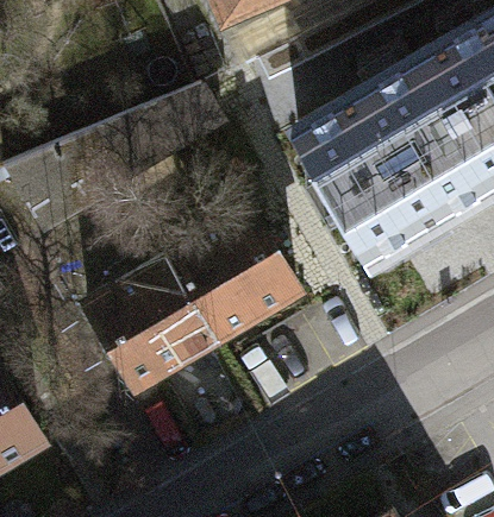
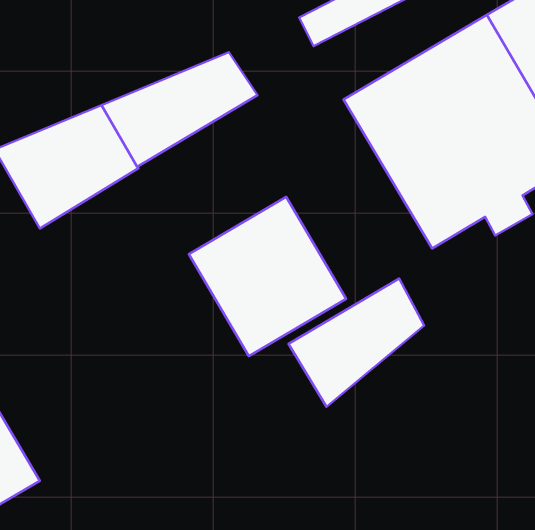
building: [82,261,213,393] -> none
building: none -> [289,278,424,407]

